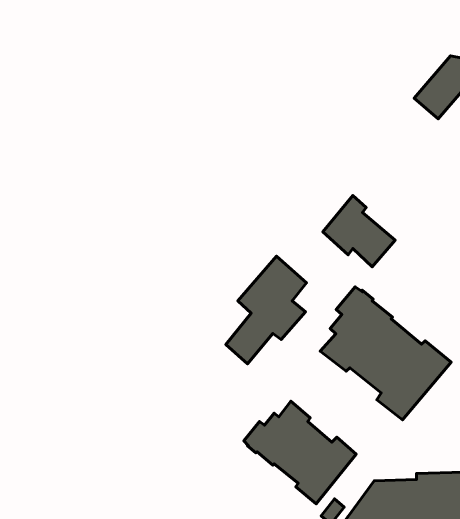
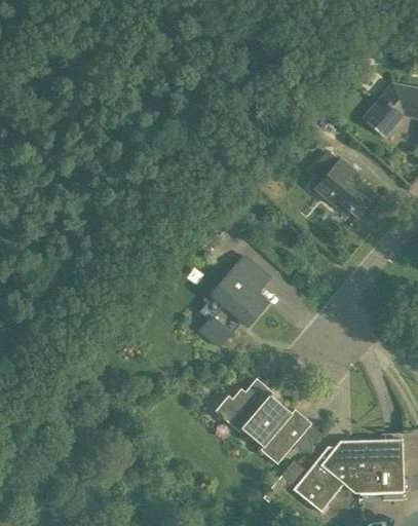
building: [323,196,395,267] -> [314,156,376,217]
building: [320,287,451,420] -> none

